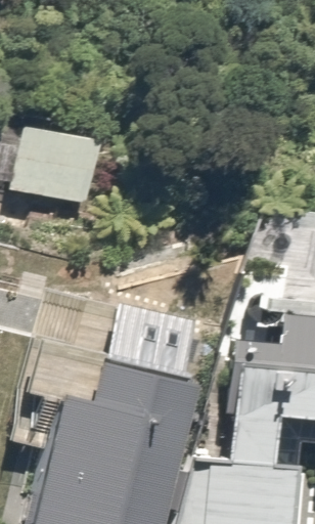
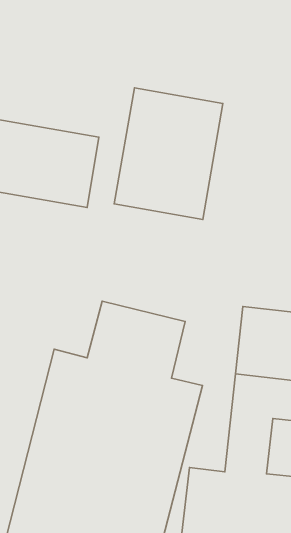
building: none -> [114,88,223,220]

